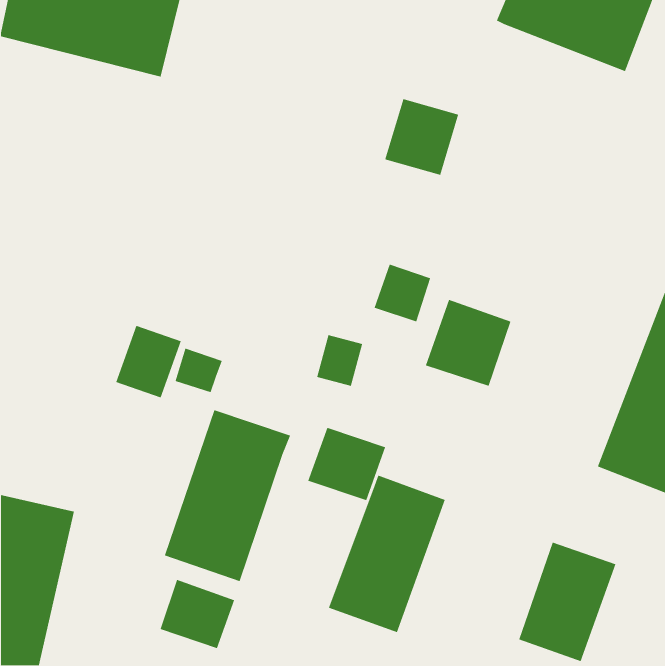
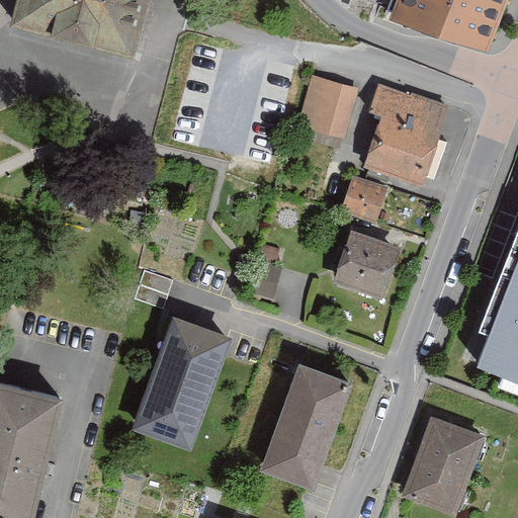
building: none -> [365,81,448,185]
building: [373,264,431,323] -> [342,176,386,222]
building: [115,325,182,398] -> none
building: [307,427,386,501] -> none
building: [159,579,235,649] -> none

